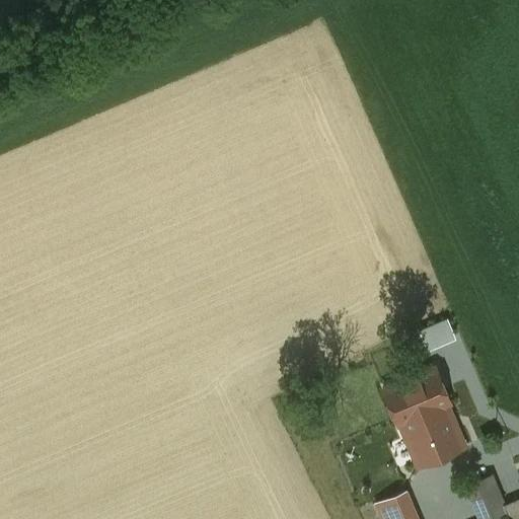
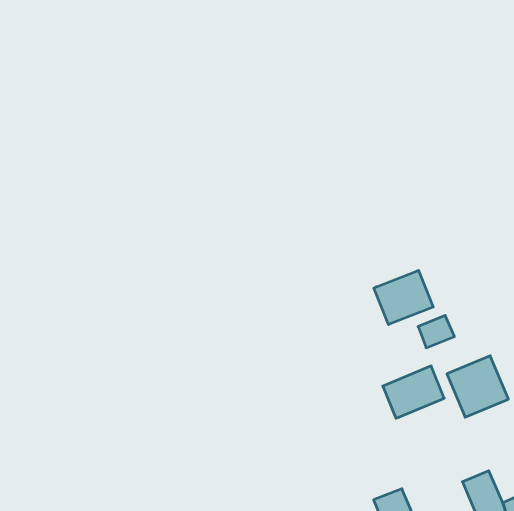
building: none -> [374,270,433,325]
building: [402,405,464,467] -> [447,356,508,417]

